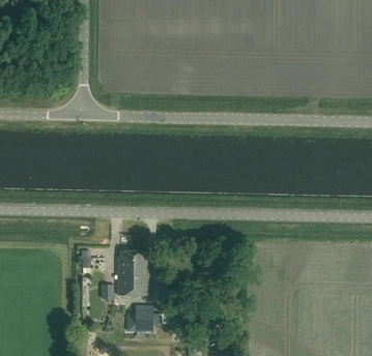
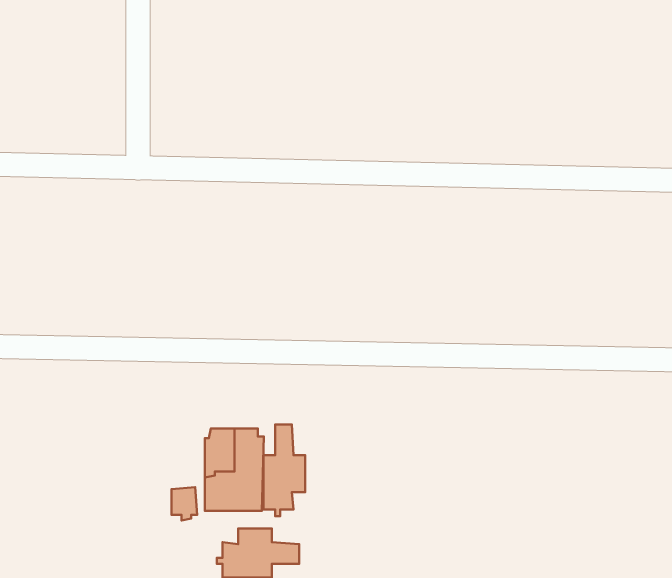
building: none -> [263,424,305,516]

